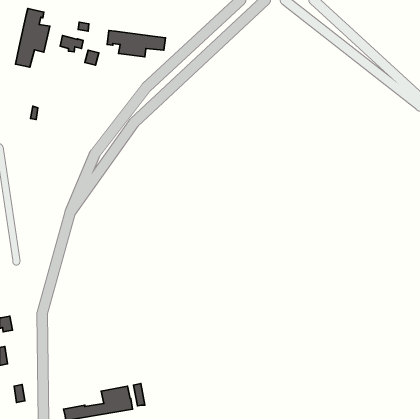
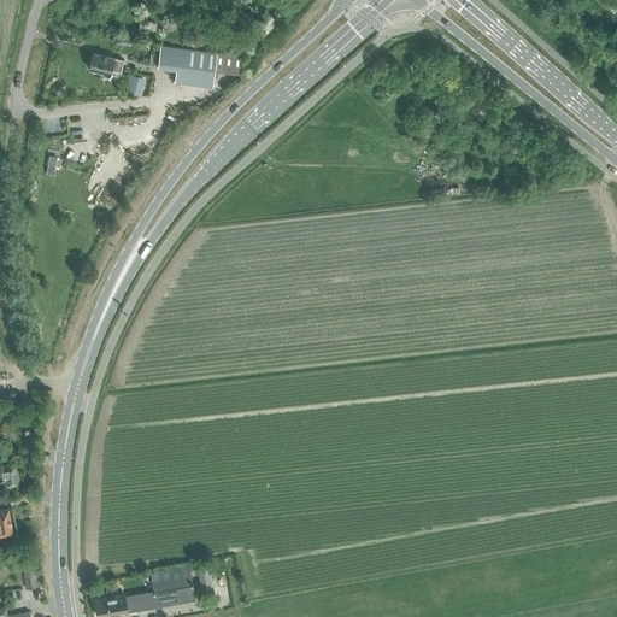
building: [15,8,50,67] -> none

